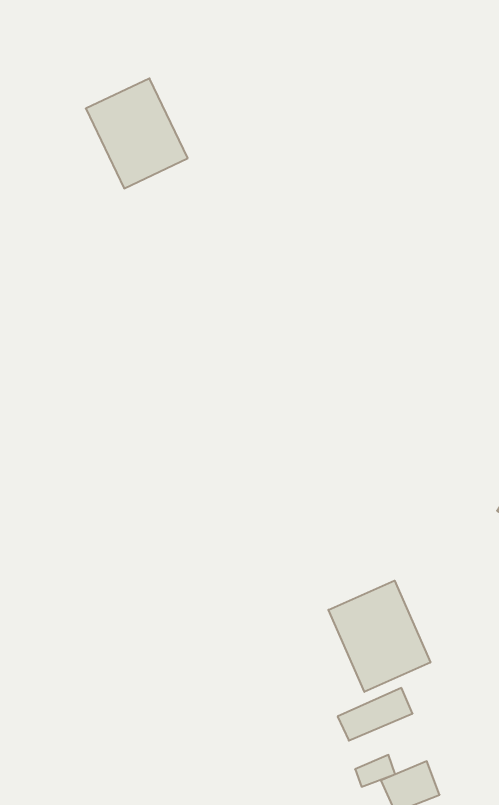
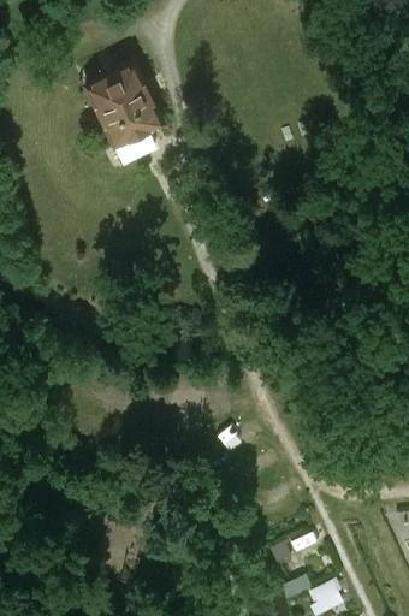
building: [328,581,430,692] -> none

